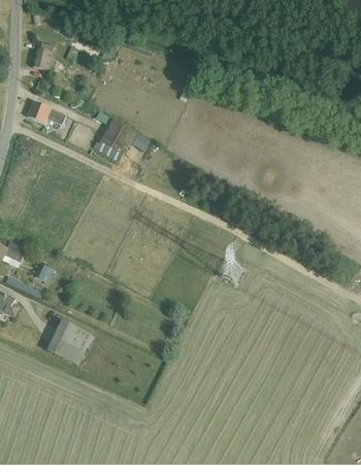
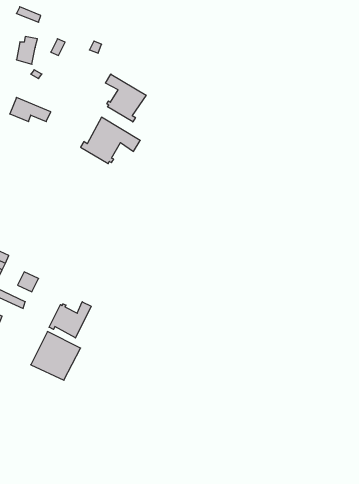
building: none -> [105,74,146,122]
building: none -> [49,302,91,338]

